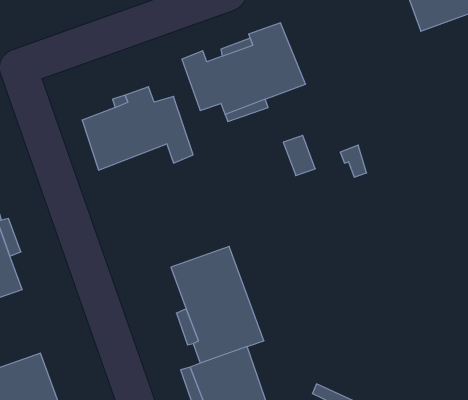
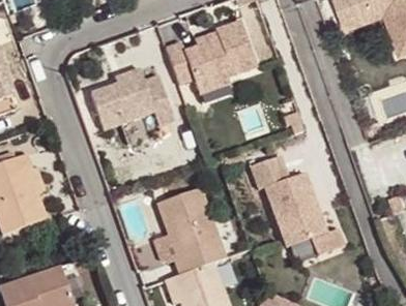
building: none -> [251,155,345,255]

